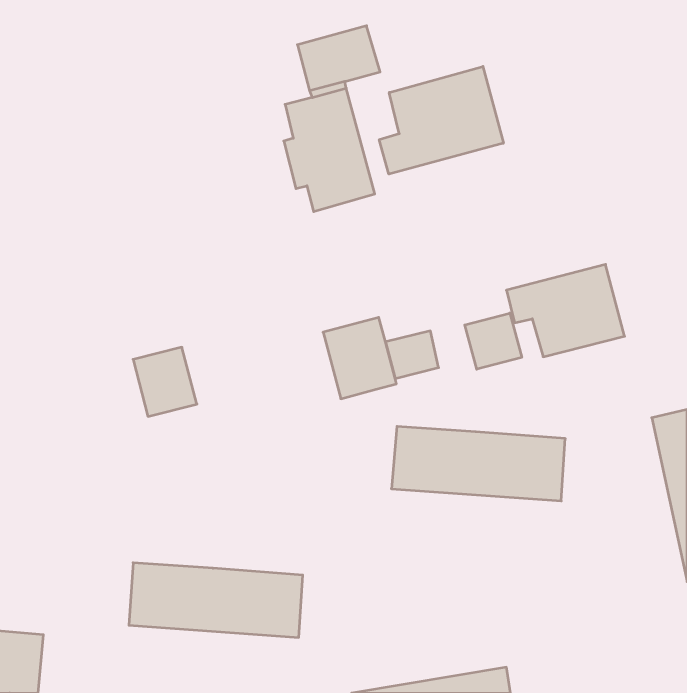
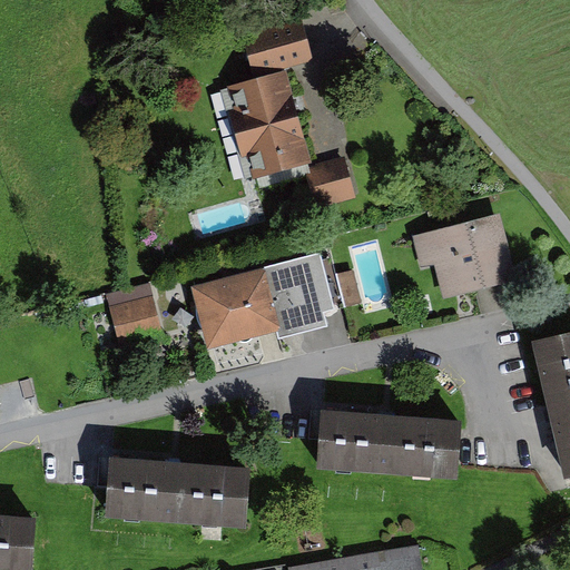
building: [379,66,503,174] -> none
building: none -> [308,159,353,205]
building: [465,313,522,369] -> none
building: none -> [193,273,279,346]
building: [391,426,565,501] -> [317,414,460,475]

